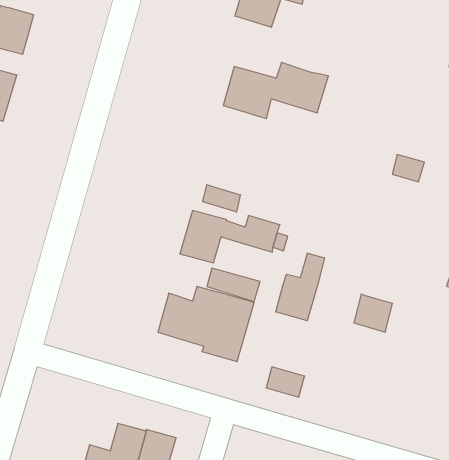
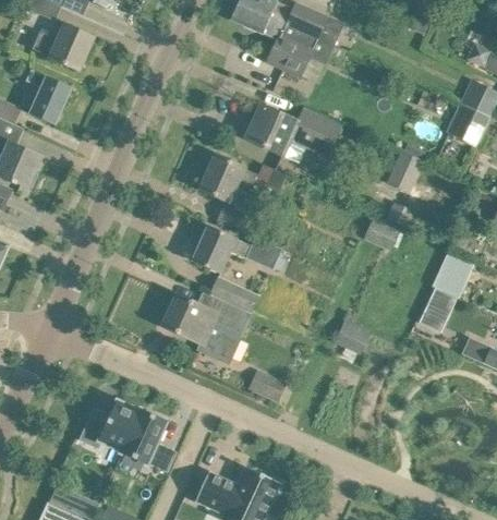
building: none -> [387,150,421,190]
building: none -> [199,154,286,201]
building: none -> [363,215,400,251]
building: [276,253,324,321] -> none

